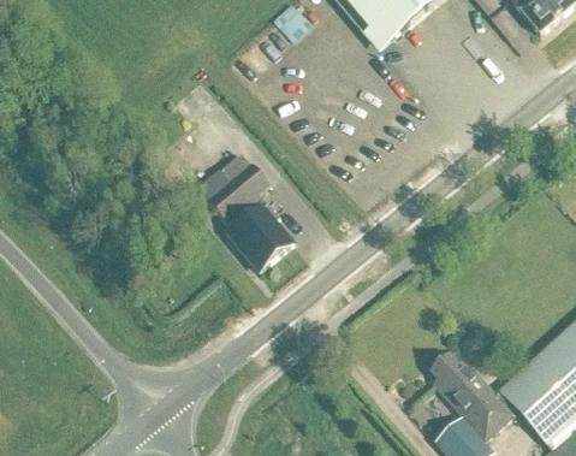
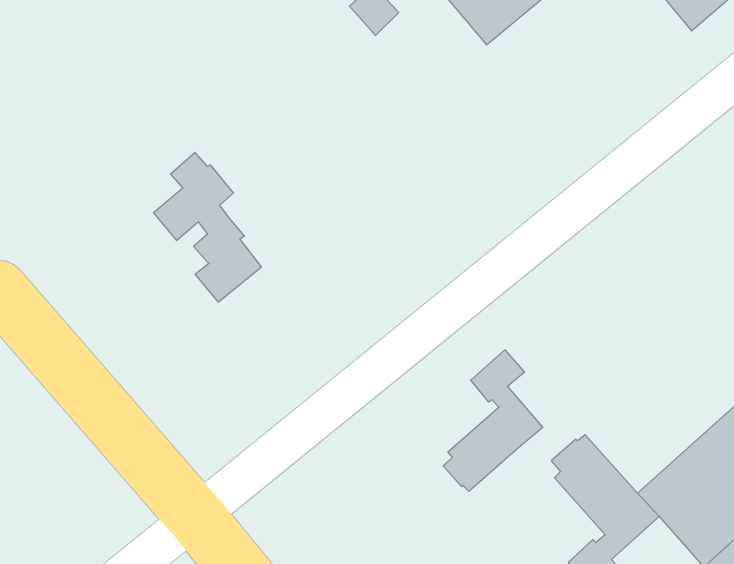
building: [208,150,292,267] -> [153,153,261,302]
building: none -> [443,350,543,491]

